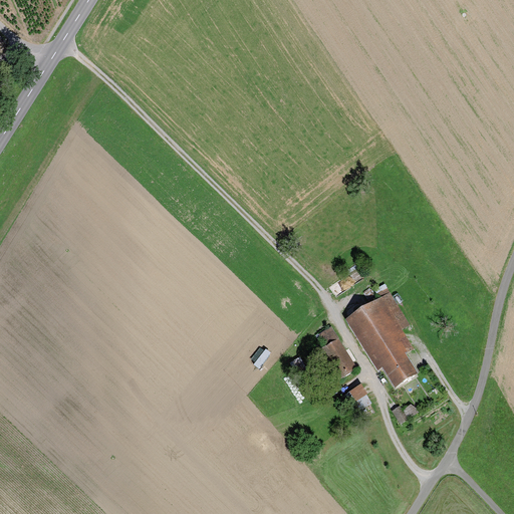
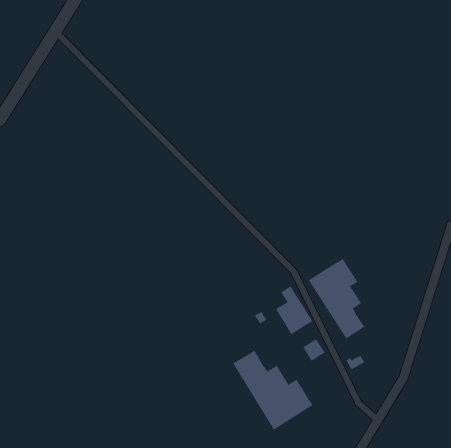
building: none -> [233,350,313,430]

